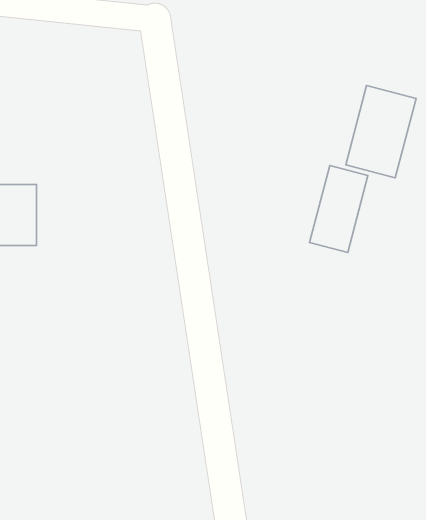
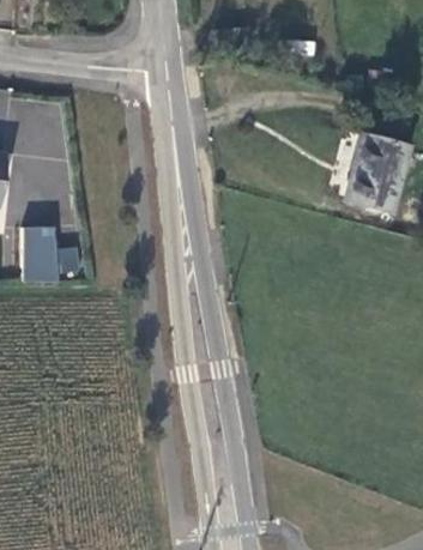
building: [310,166,368,253] -> none

